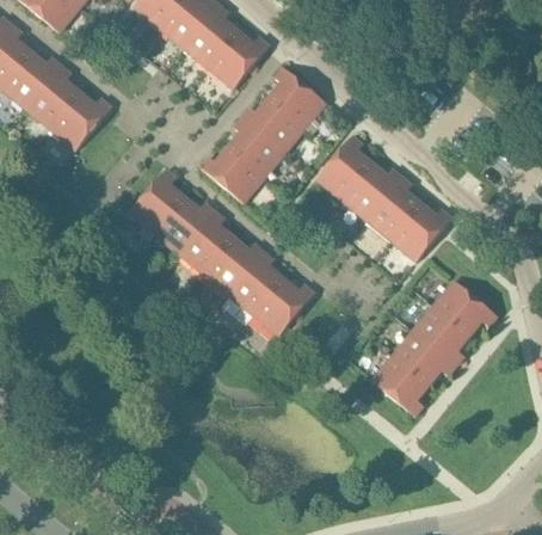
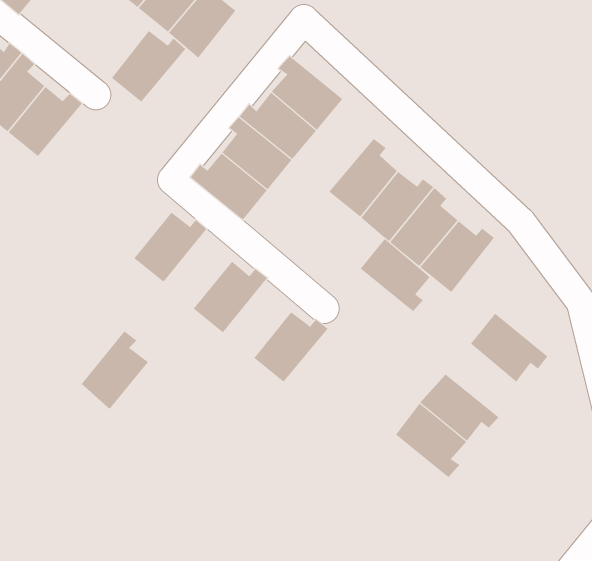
building: [208,30,270,90] -> [111,30,186,103]
building: [128,168,185,234] -> none
building: [179,210,235,276] -> [81,330,149,410]
building: [228,251,284,316] -> none
building: [412,305,470,365] -> [360,238,431,312]

